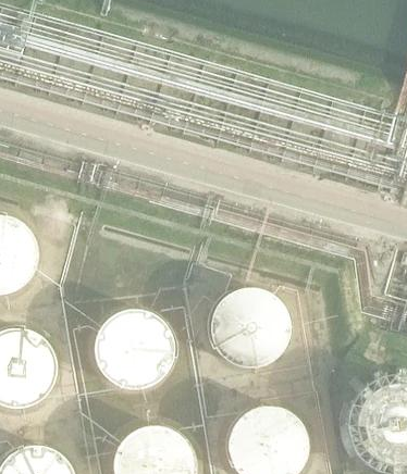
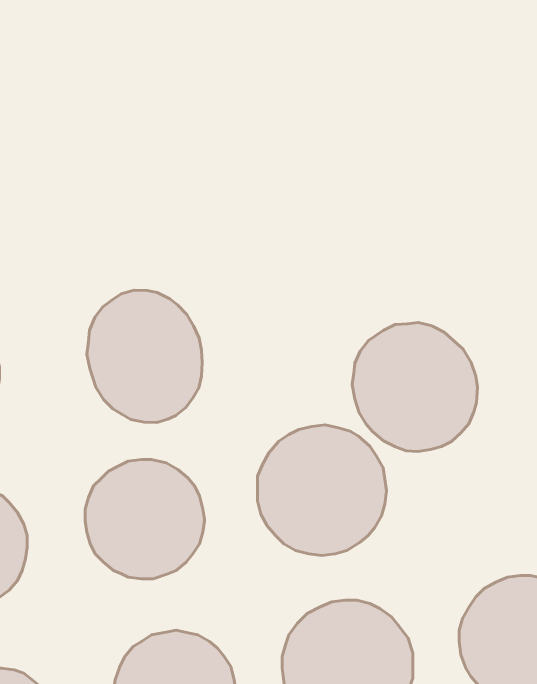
building: none -> [87,290,202,422]
building: none -> [352,322,478,452]

